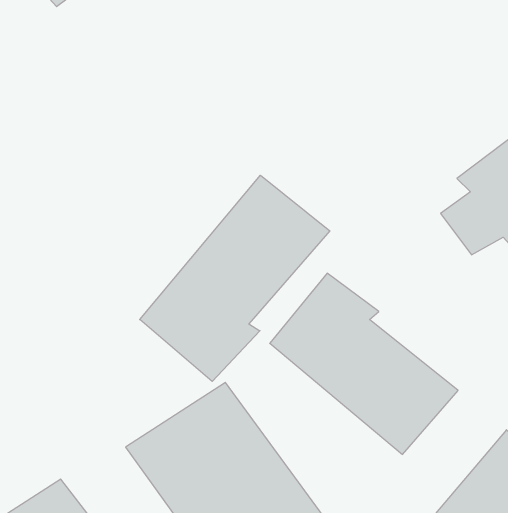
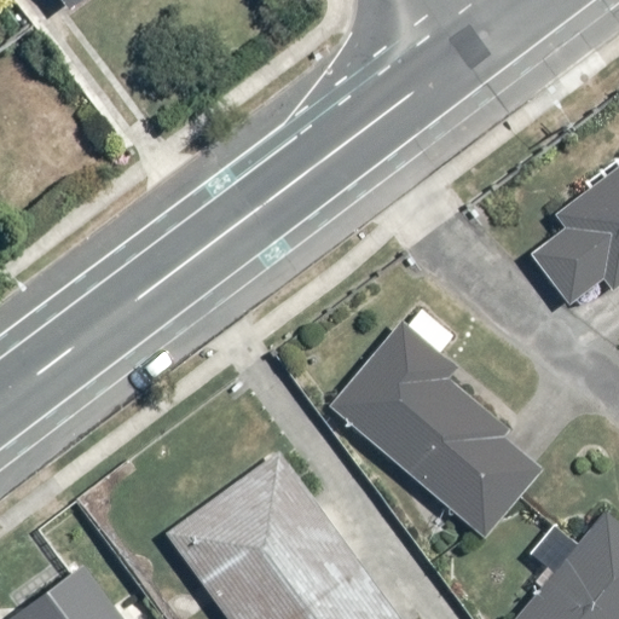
building: [140,175,330,381] -> none

